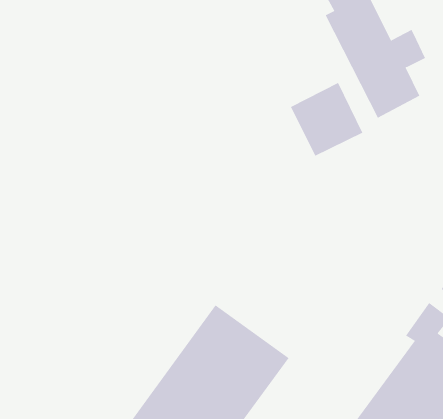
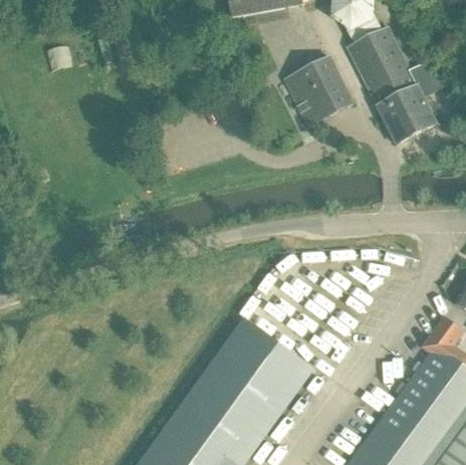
building: [290,82,363,156] -> [284,57,353,127]

